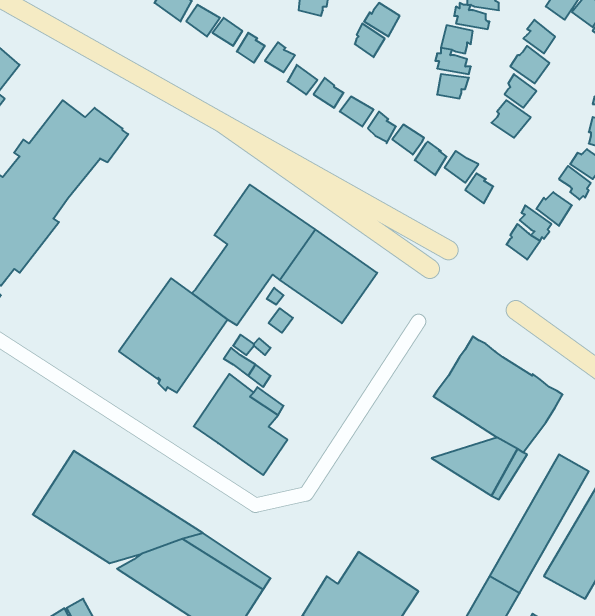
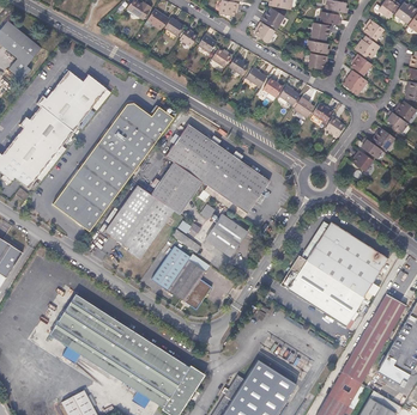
building: none -> [53,102,173,231]
building: none -> [205,213,248,256]
building: none -> [280,254,346,298]

